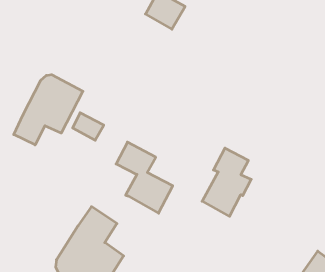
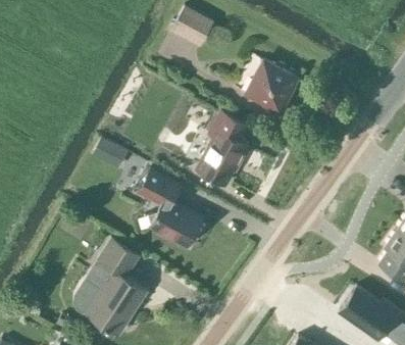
building: none -> [246,62,297,116]
building: [14,75,83,145] -> none
building: [202,148,251,216] -> [196,113,249,187]

